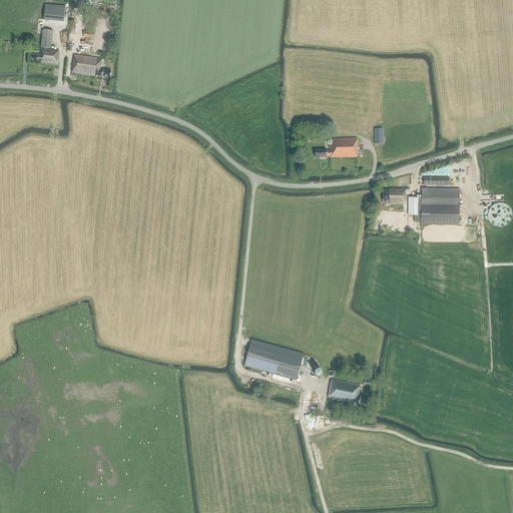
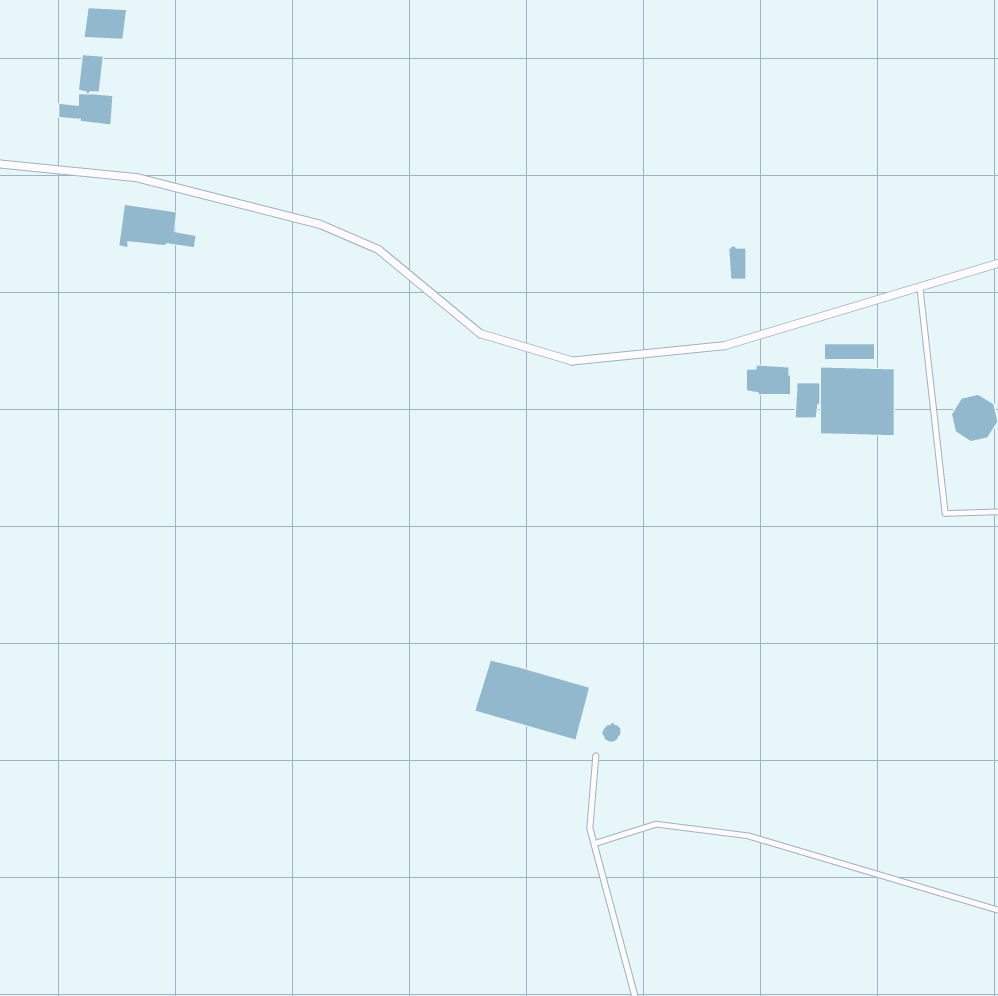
building: [71,54,111,76] -> [118,204,196,247]
building: [315,137,357,156] -> none
building: [328,379,369,404] -> none

